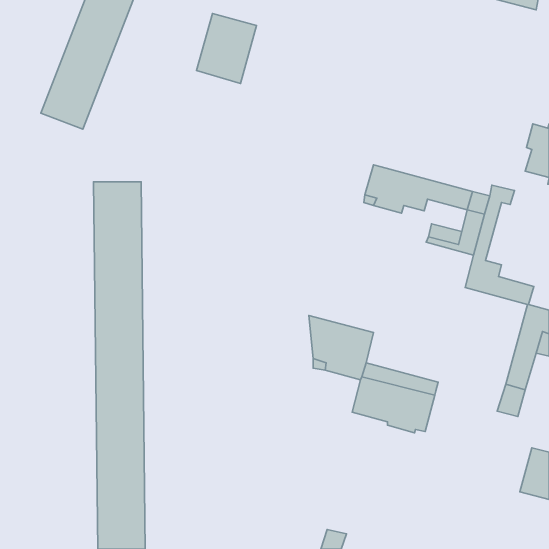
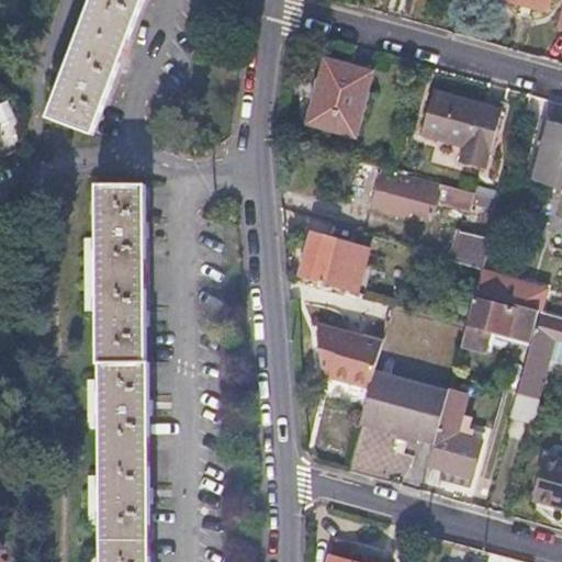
building: [196,14,257,84] -> [308,61,370,133]
building: none -> [420,92,502,169]
building: none -> [301,232,369,290]
building: none -> [459,296,532,355]
building: none -> [426,398,480,477]

